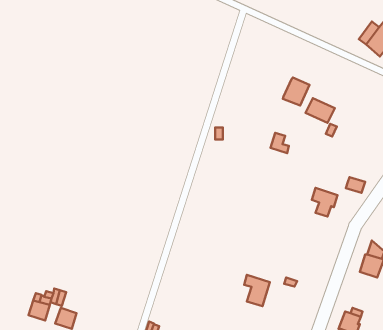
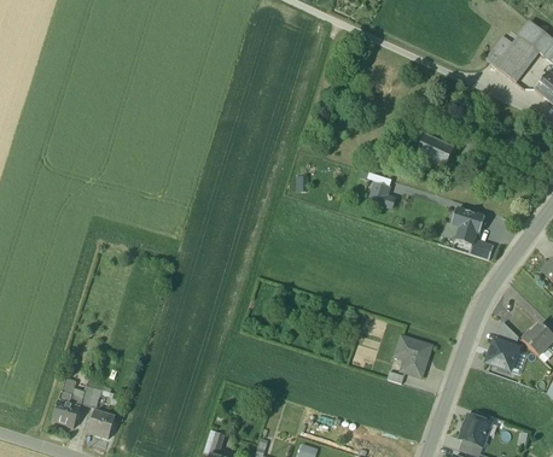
building: [283,77,310,106] -> none
building: [312,188,338,216] -> [450,207,484,245]
building: [244,275,270,306] -> [397,335,431,376]

